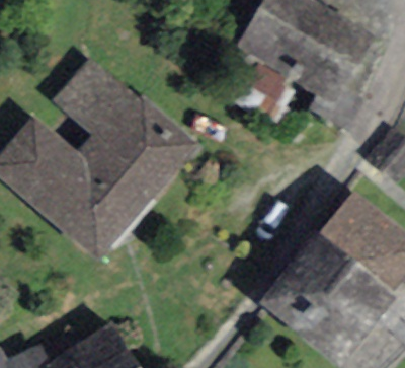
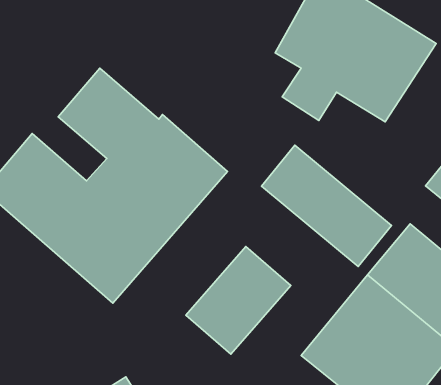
building: none -> [261,145,392,266]
building: none -> [186,246,291,354]

